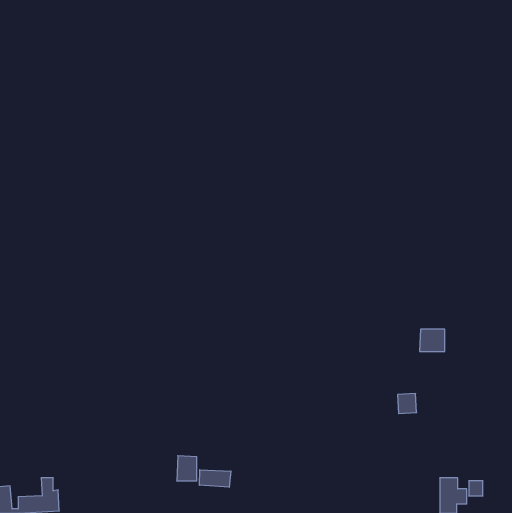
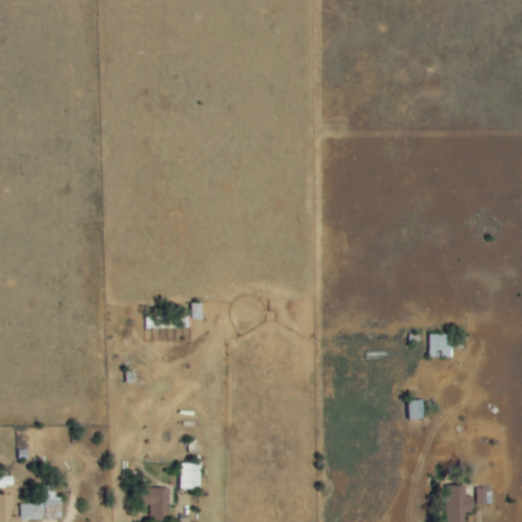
building: [199,470,231,487] -> none
building: none -> [142,487,168,513]

